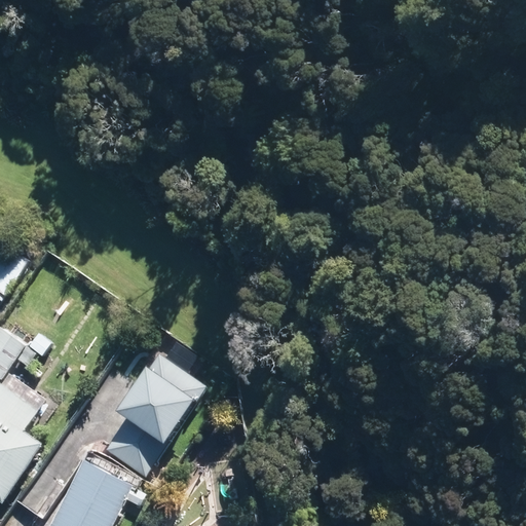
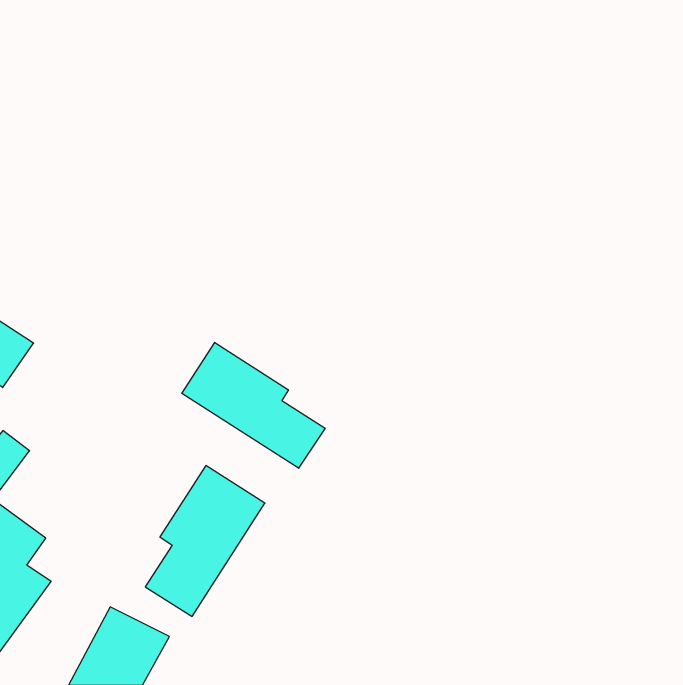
building: none -> [182,342,325,468]

